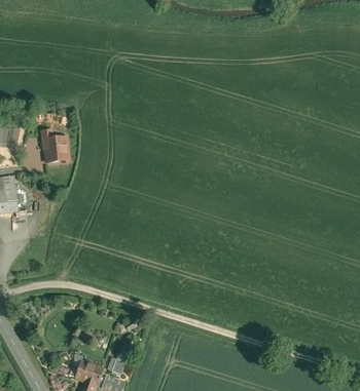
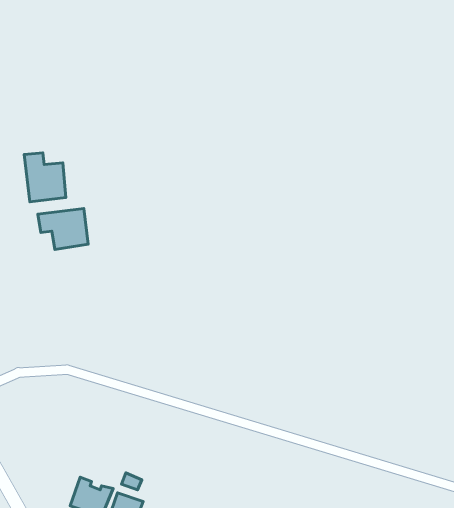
building: none -> [38,209,88,249]

